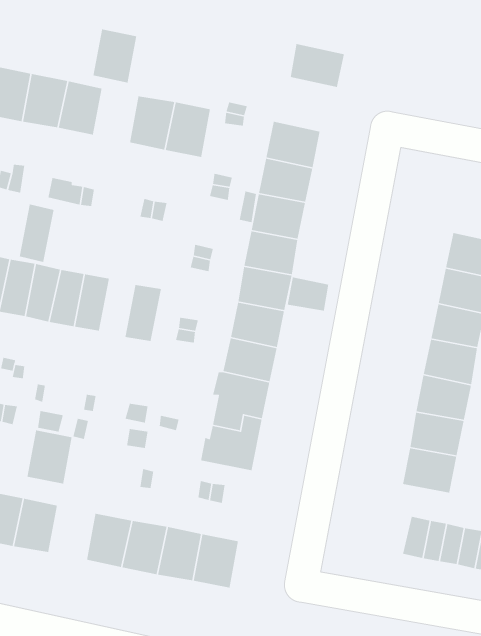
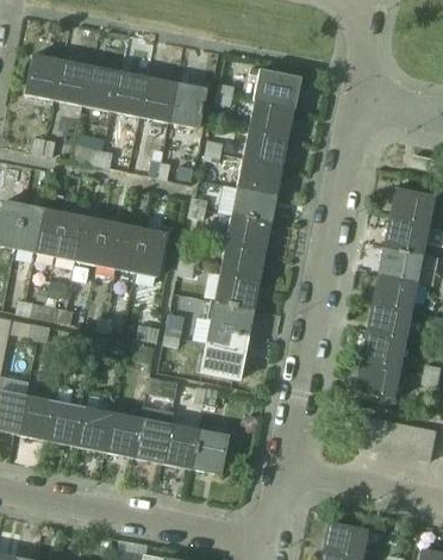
building: [93,28,137,83] -> [111,71,146,116]
building: [290,43,345,88] -> [255,70,299,106]
building: [19,203,54,263] -> [116,224,144,272]
building: [287,277,329,311] -> none
building: [27,430,73,485] -> [75,406,112,450]

